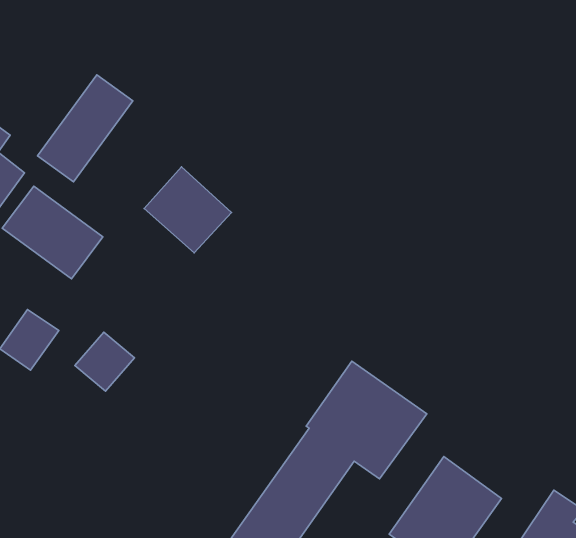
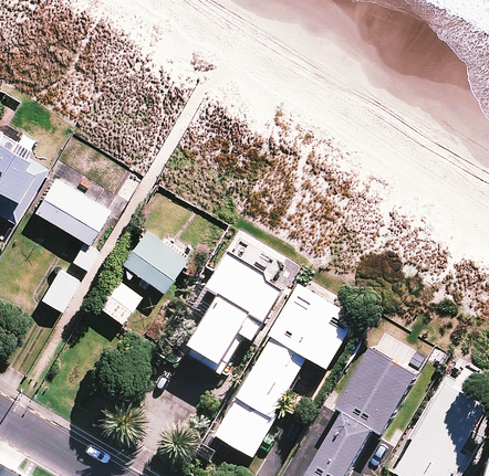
building: [38,75,133,182] -> none
building: [144,167,231,253] -> [118,230,183,292]
building: none -> [185,254,282,373]

